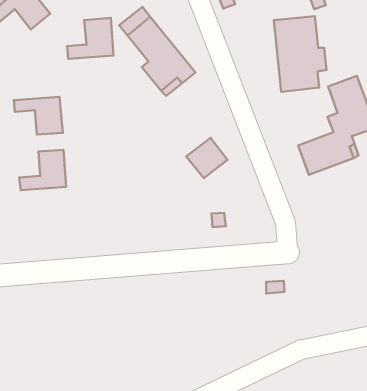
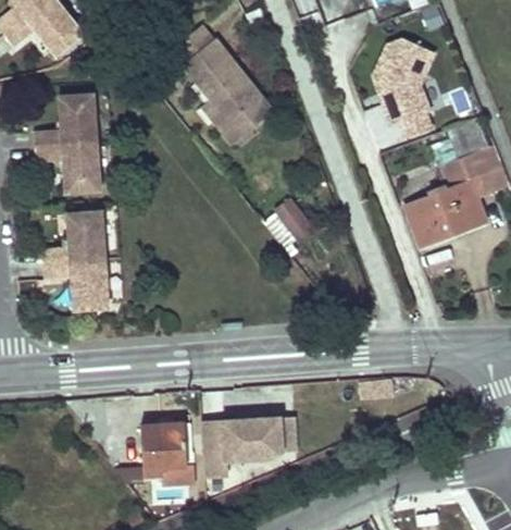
building: [67,18,113,59] -> [37,95,97,148]
building: none -> [47,260,109,310]
building: none -> [202,416,288,477]
building: none -> [139,426,183,476]

